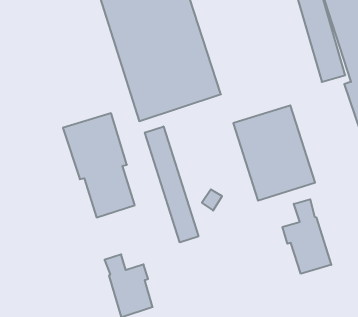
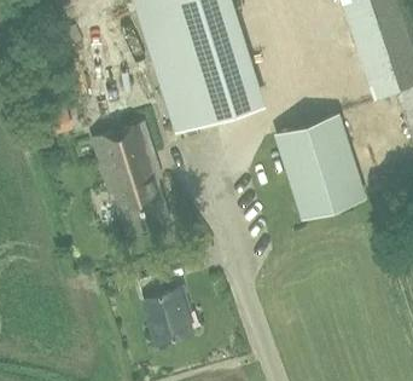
building: [145,126,198,242] -> none
building: [282,199,331,274] -> none

